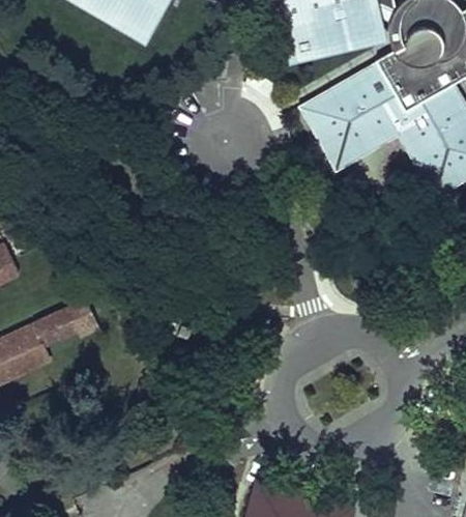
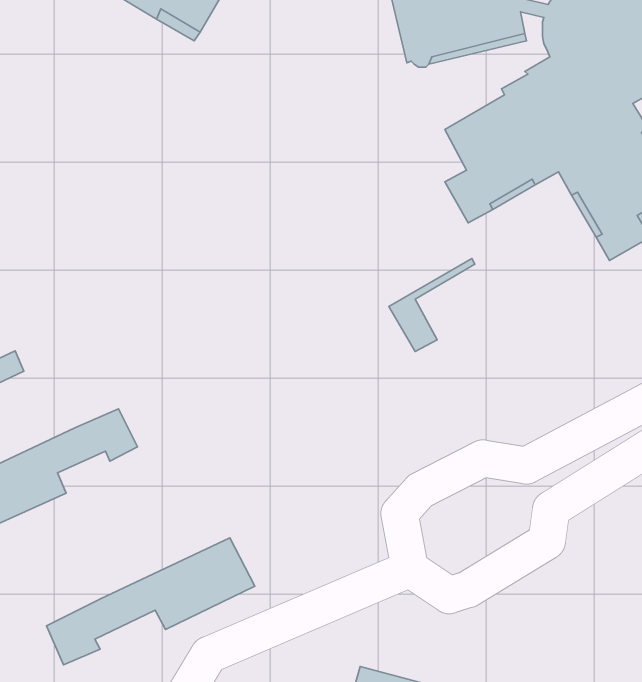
building: [299,73,360,139] -> [389,258,475,352]
building: none -> [47,538,255,665]

